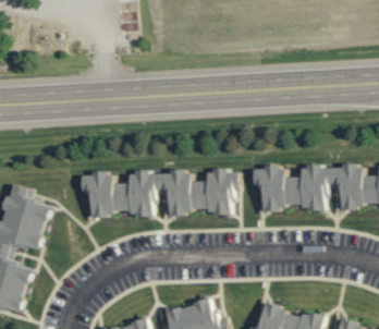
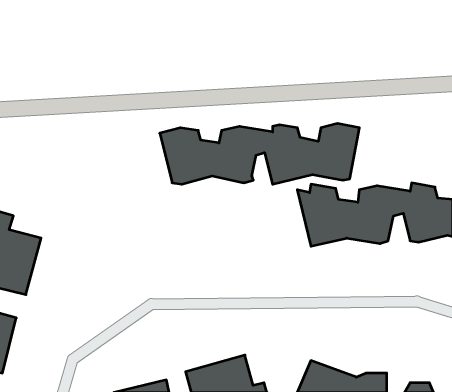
building: [80,169,237,217] -> [160,124,359,184]

